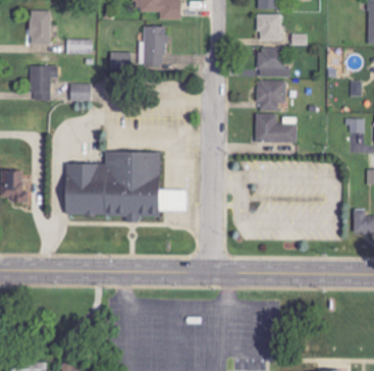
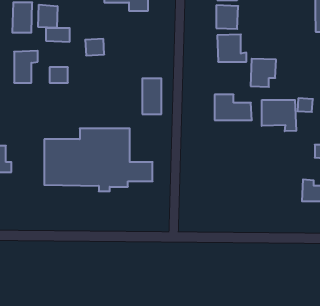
building: none -> [38,5,57,28]
building: [144,26,165,66] -> [142,78,161,114]
building: [257,81,285,112] -> [251,59,276,87]
building: none -> [262,100,296,131]

